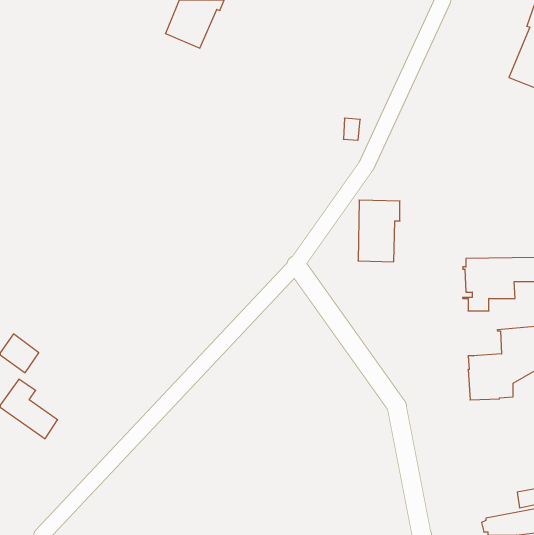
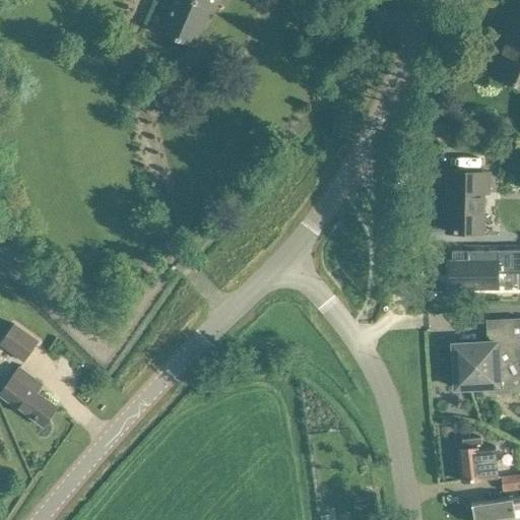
building: [358,200,400,262] -> [448,173,489,233]
building: none -> [460,437,499,481]

